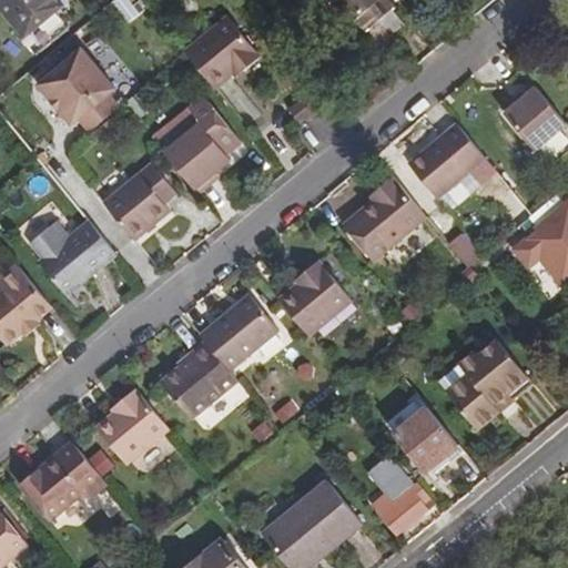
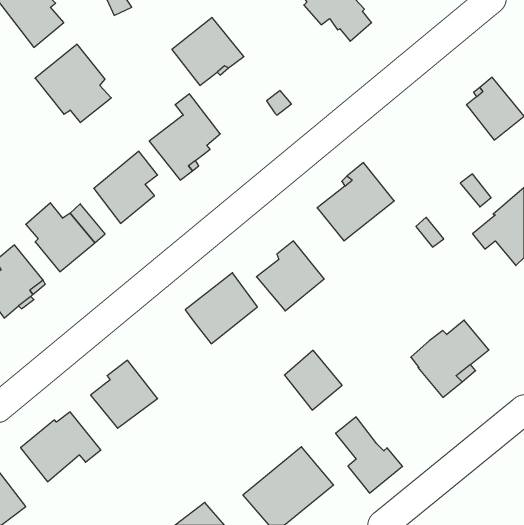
building: [410,122,484,193] -> none
building: [163,346,237,418] -> none
building: [395,406,457,470] -> [284,350,342,410]

